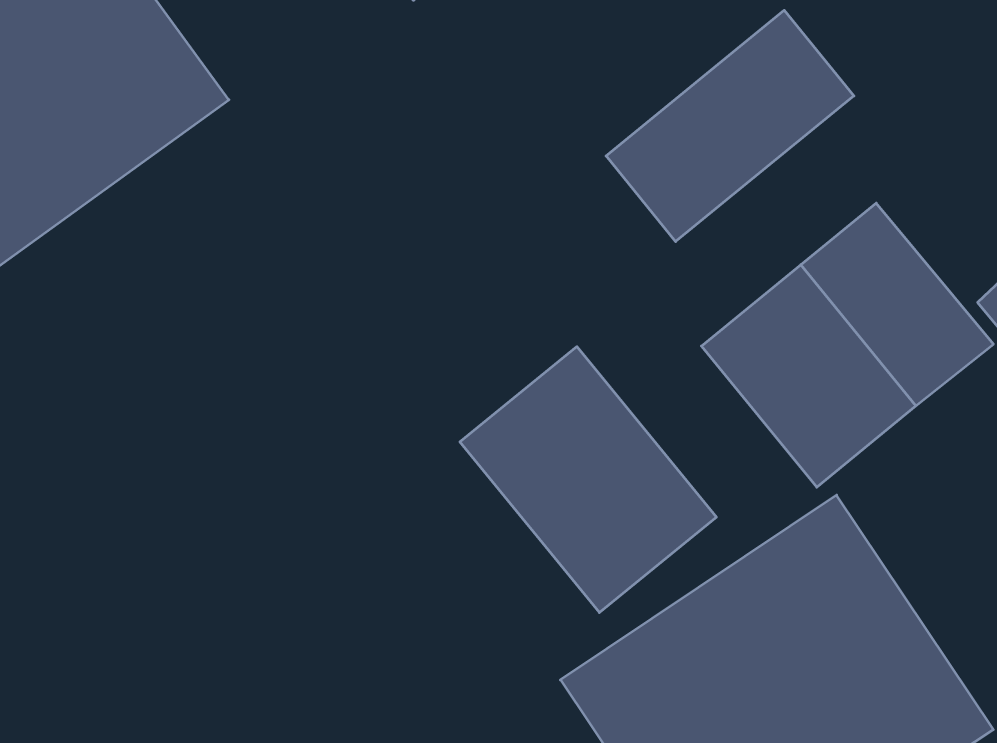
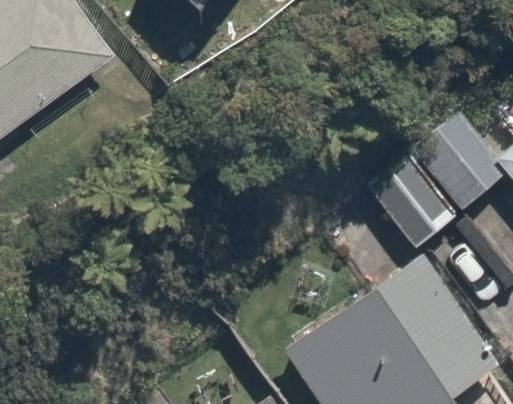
building: [606,10,854,242] -> none
building: [460,347,716,613] -> none

